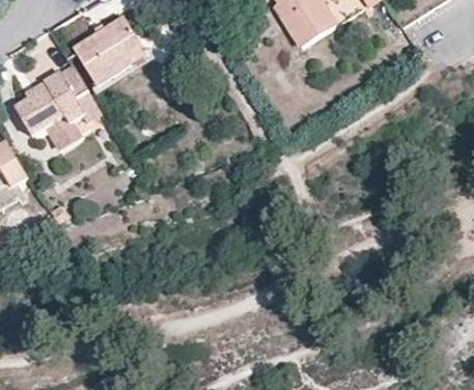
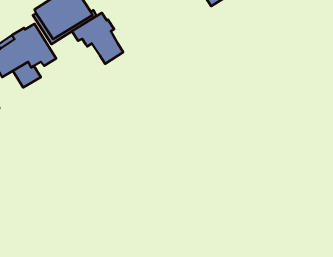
building: none -> [72,13,123,64]

